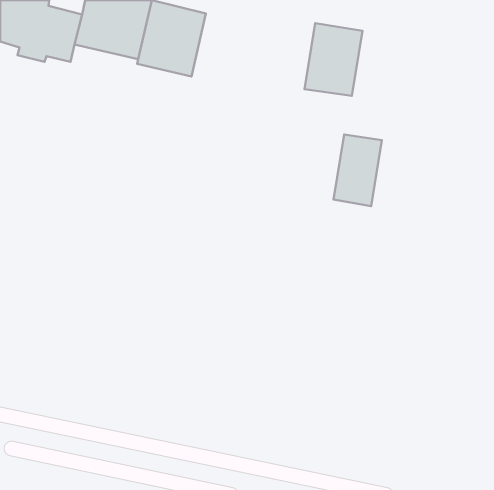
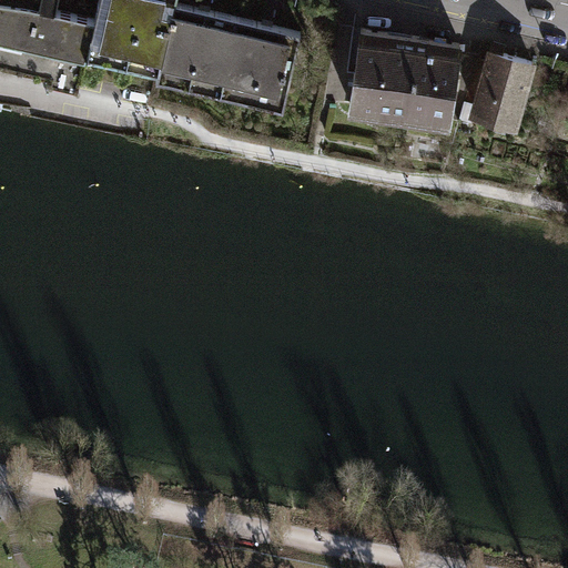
building: none -> [220,21,300,109]
building: none -> [475,54,531,122]
building: [334,134,382,206] -> [404,41,459,123]

